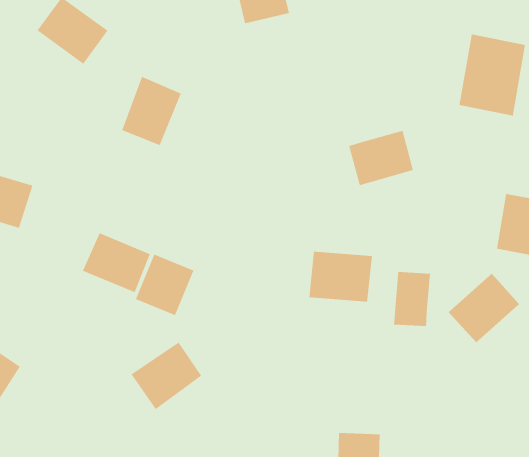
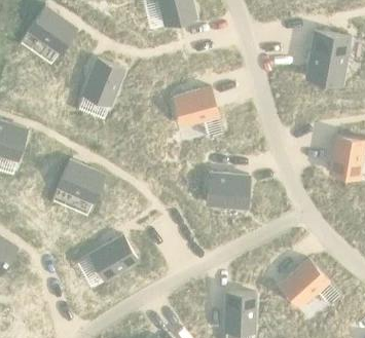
building: [348,130,414,186] -> [175,90,218,127]
building: [135,253,194,316] -> none
building: [393,271,431,327] -> none
building: [448,273,520,343] -> [281,261,328,307]

